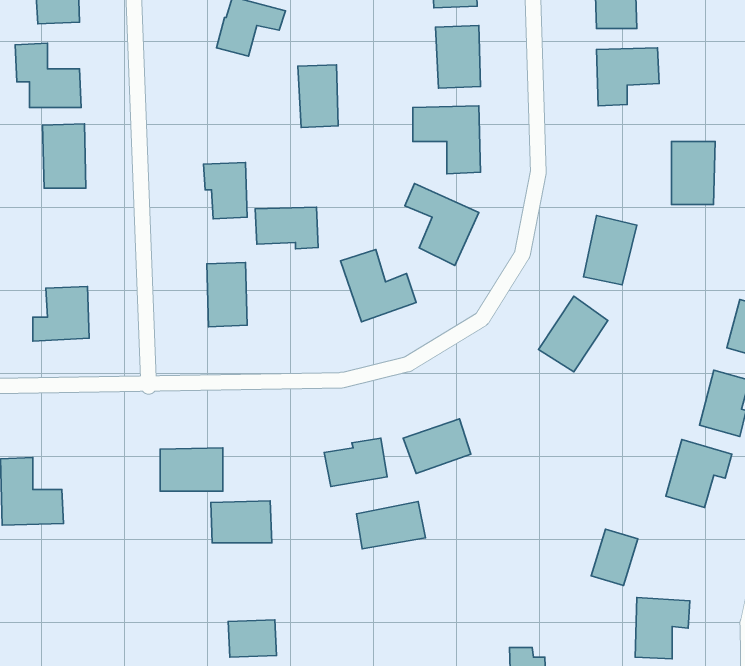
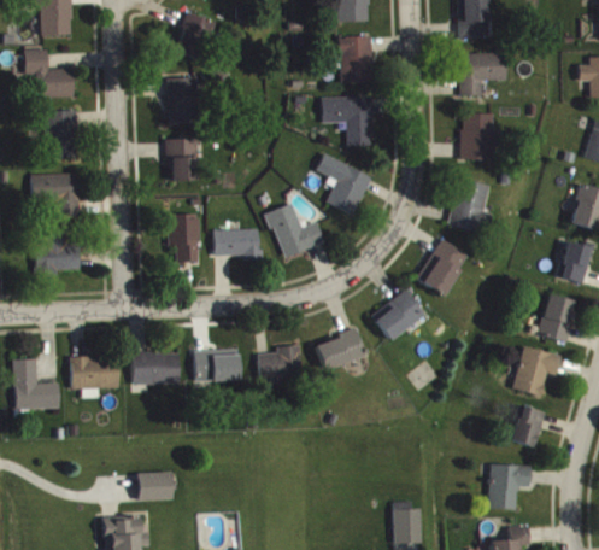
building: [298,65,338,128] -> [166,77,196,124]
building: [672,142,715,204] -> [462,113,494,160]
building: [255,207,318,249] -> [213,229,260,261]
building: none -> [33,174,80,218]
building: none -> [370,289,424,341]
building: none -> [71,357,119,398]
building: [211,501,272,543] -> [194,350,240,381]
building: [356,502,426,549] -> none
building: [591,529,638,586] -> [509,405,544,447]
building: [228,620,276,657] -> [136,473,172,501]

